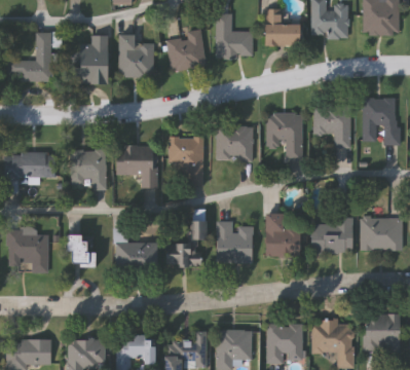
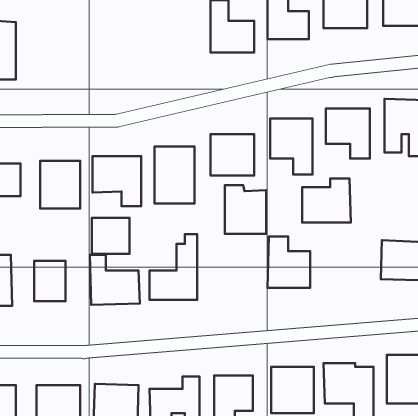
building: [167,29,204,70] -> none
building: [71,34,107,83] -> none
building: [119,34,153,76] -> none
building: none -> [92,218,129,254]
building: [311,216,352,253] -> [302,179,351,222]
building: [217,221,252,262] -> [225,185,266,234]

